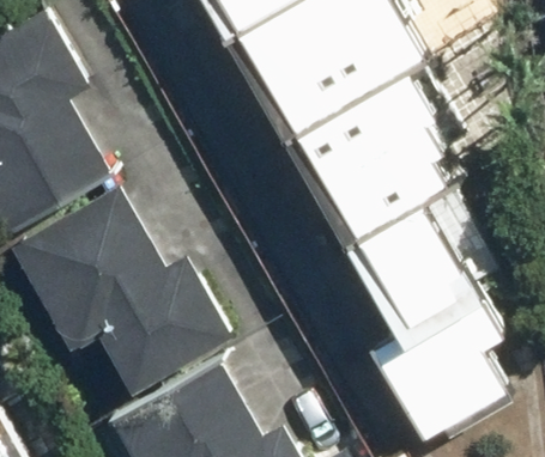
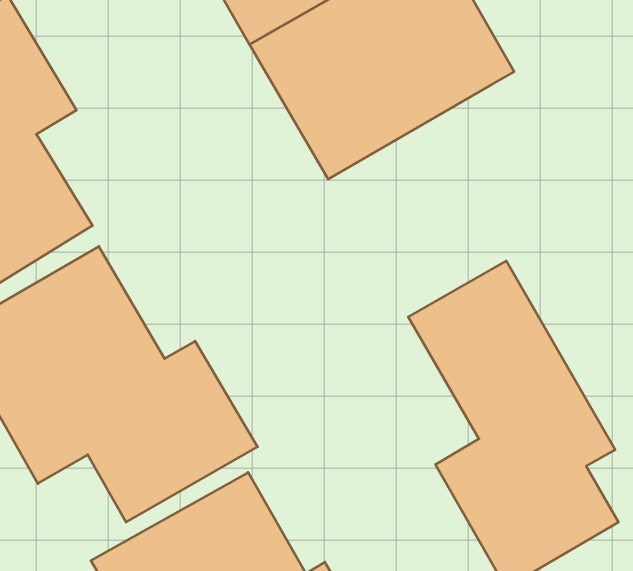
building: [287,67,449,240] -> none

